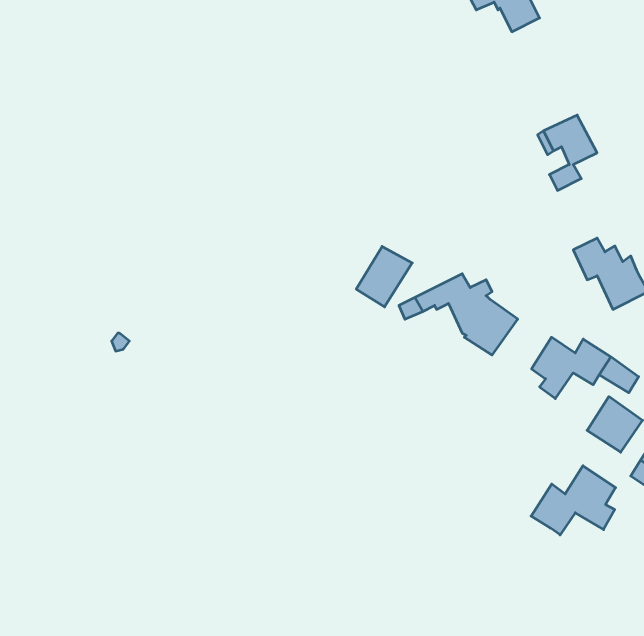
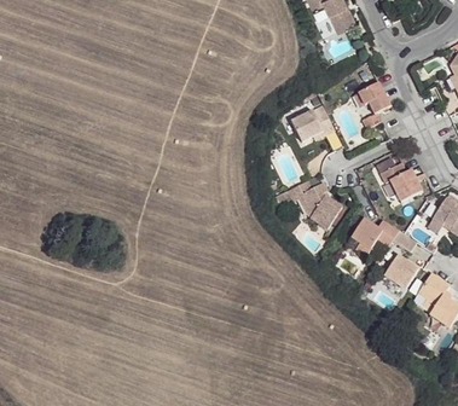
building: none -> [291,104,334,141]
building: [356,246,412,307] -> none
building: [531,466,616,535] -> none

